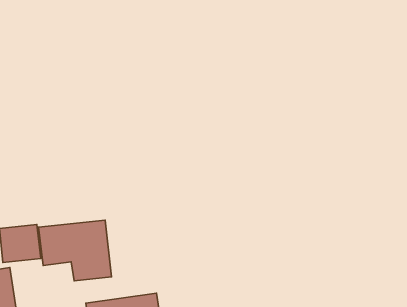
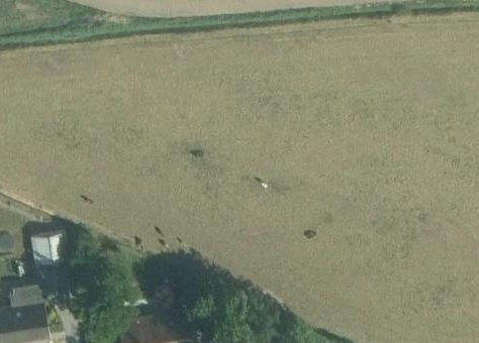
building: [39,220,111,281] -> none

